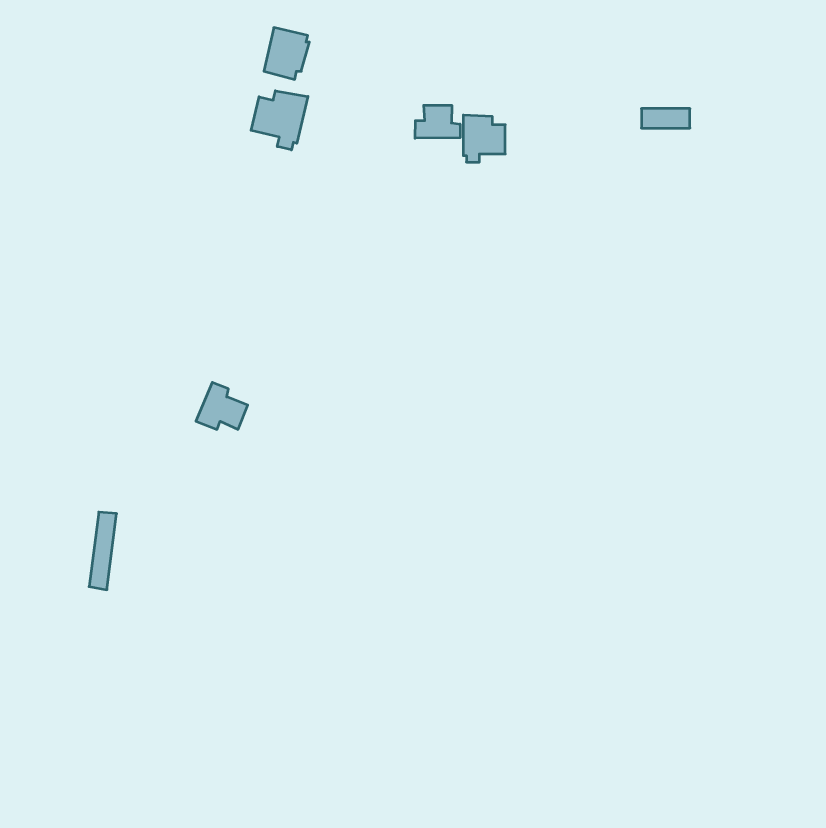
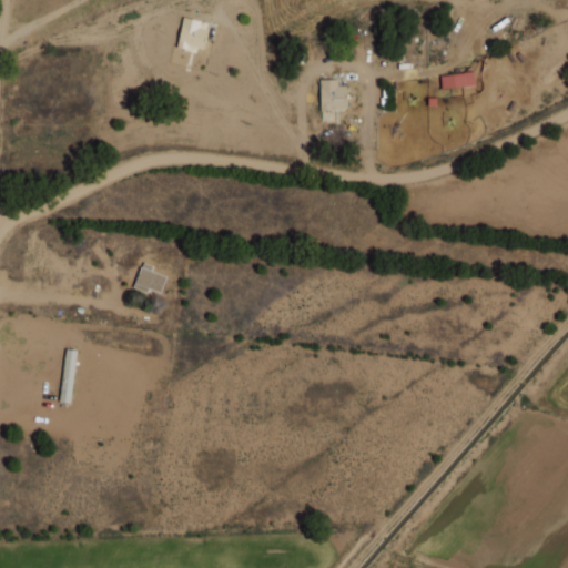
building: [251,91,308,150] -> none
building: [415,105,460,138] -> none

